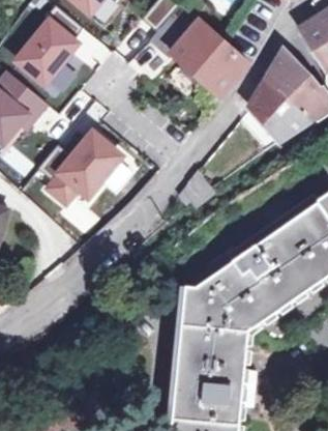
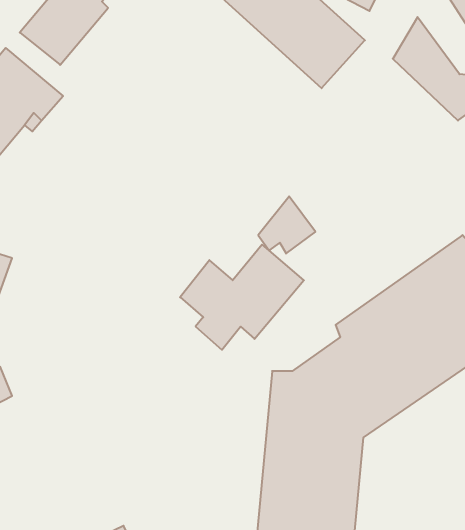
building: [248,78,310,142] -> none
building: [37,133,120,203] -> [180,245,304,350]

